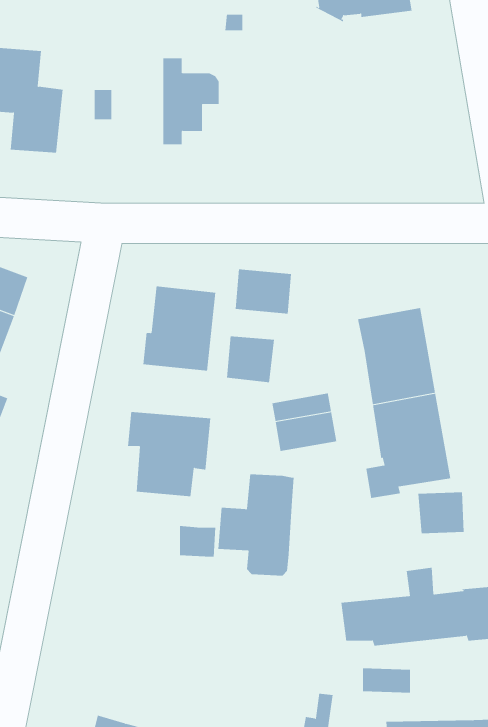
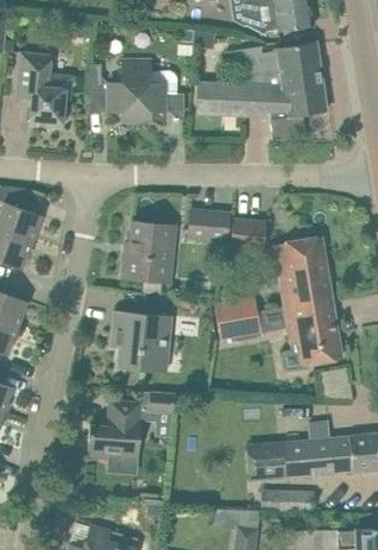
building: none -> [195,42,327,139]
building: none -> [107,59,137,121]
building: [226,336,275,383] -> [231,217,265,251]
building: [217,474,295,576] -> [87,400,141,473]

